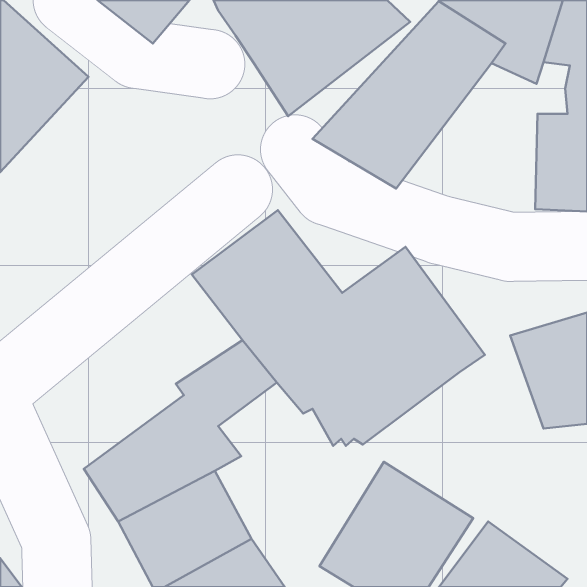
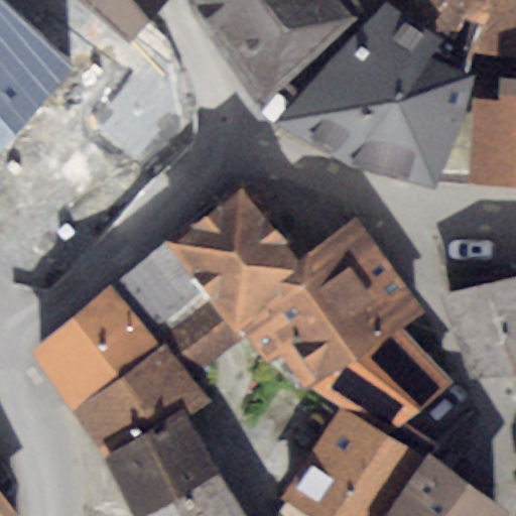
building: none -> [348,55,477,189]
building: none -> [31,241,213,411]
building: none -> [318,327,448,432]

